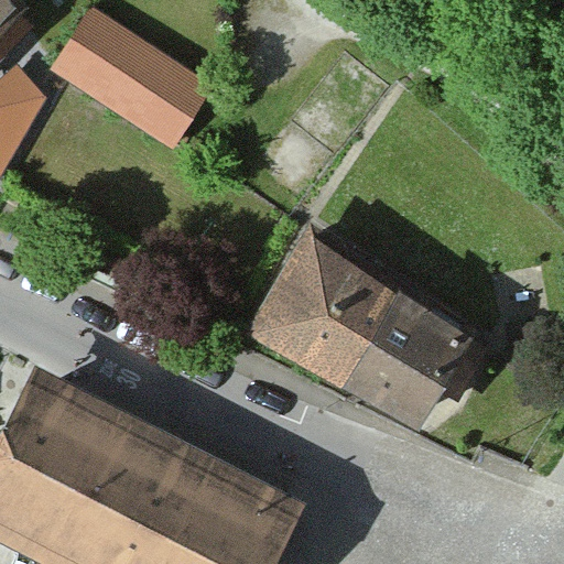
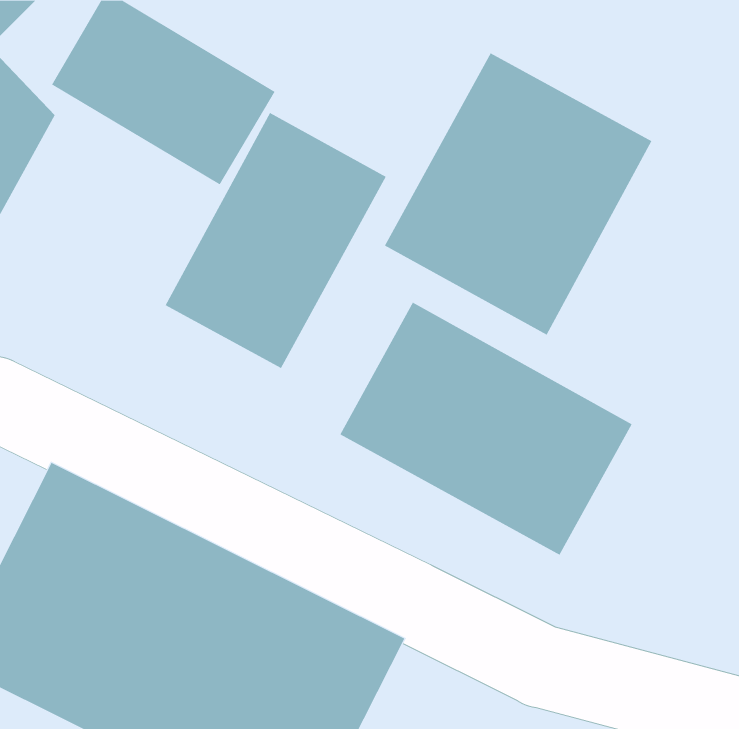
building: none -> [384,53,652,335]
building: none -> [165,112,387,369]

